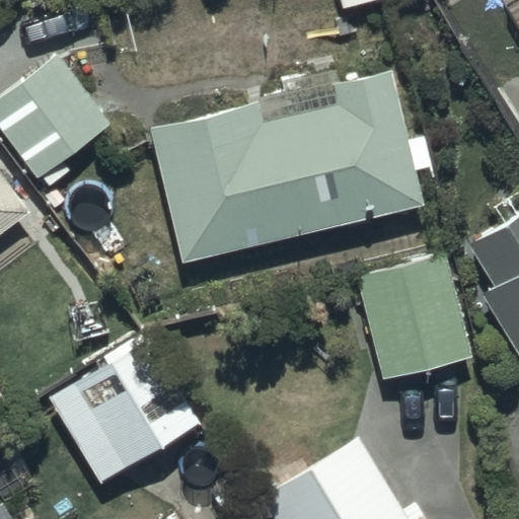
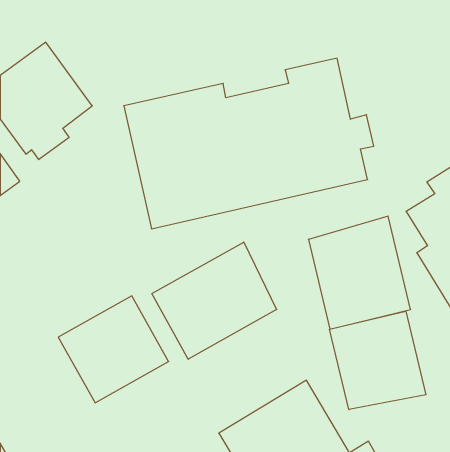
building: none -> [152,242,277,359]
building: none -> [330,311,426,410]

